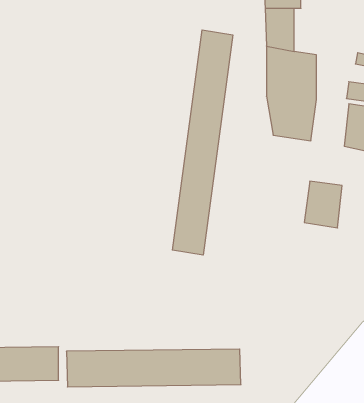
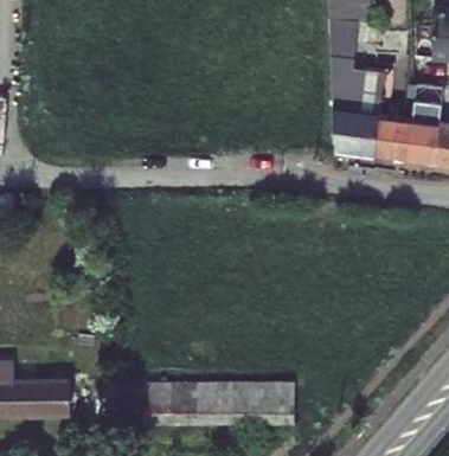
building: [172,30,233,255] -> none
building: [304,181,342,228] -> [374,116,415,166]

